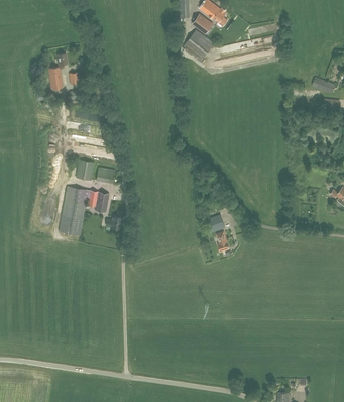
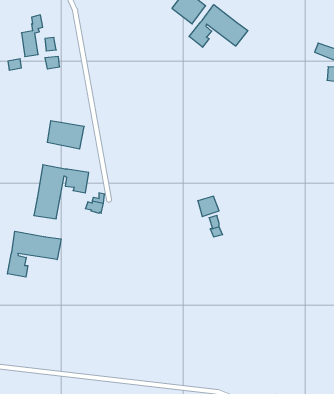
building: none -> [189,5,248,47]
building: none -> [8,231,61,277]

